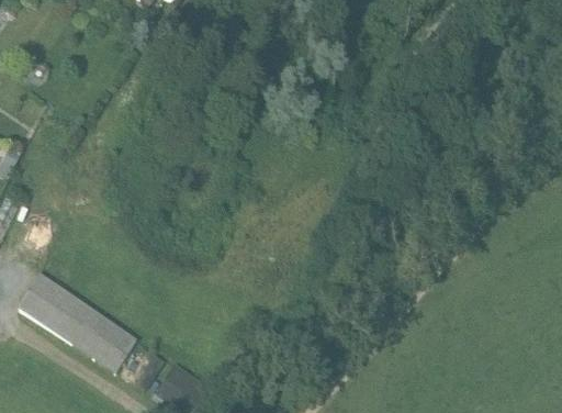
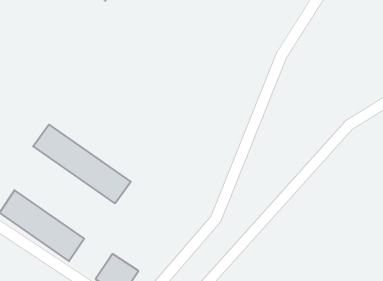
building: none -> [33,125,131,203]

